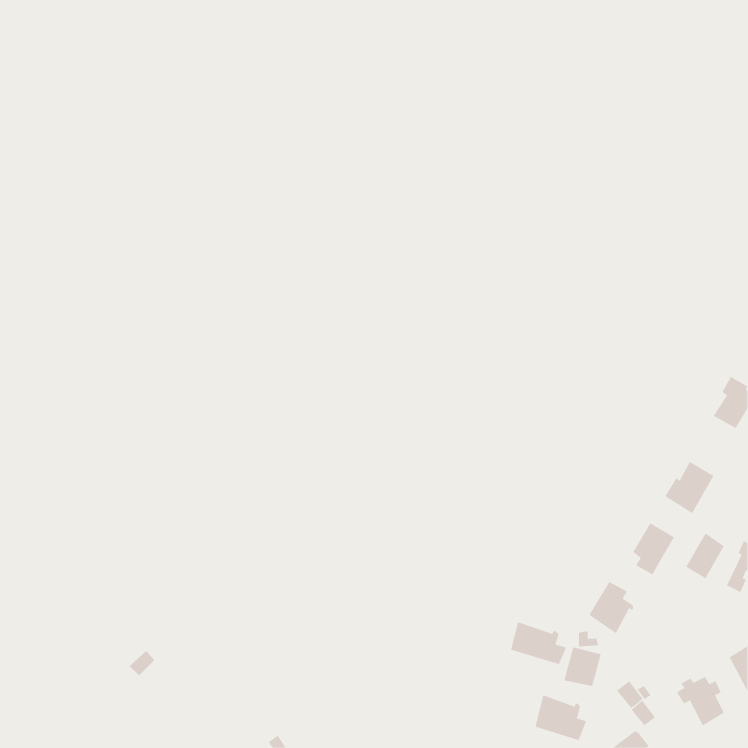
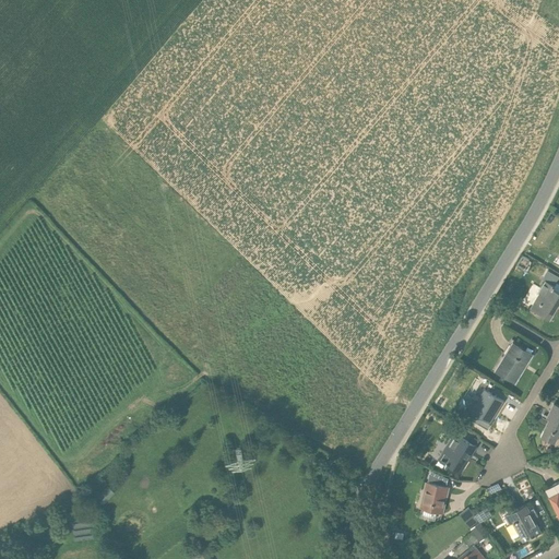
building: [685,533,725,579] -> none
building: [510,621,567,665] -> none
building: [535,695,587,741] -> none

